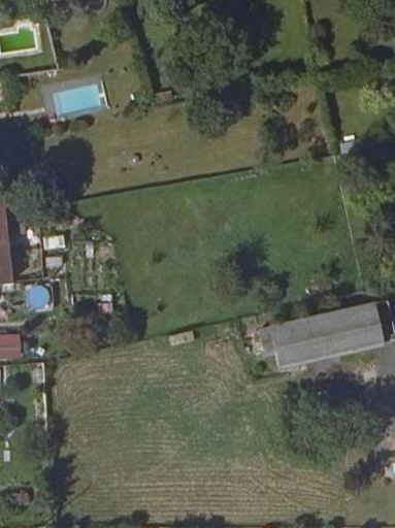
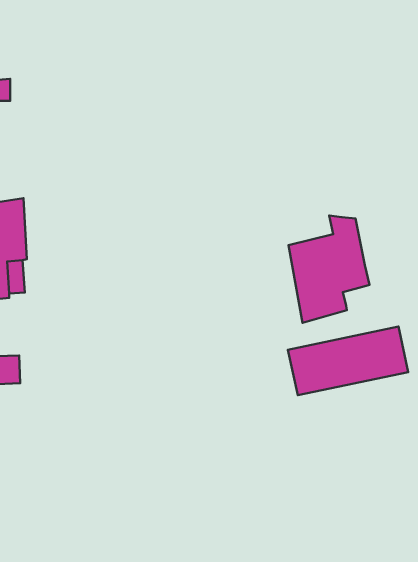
building: none -> [288,215,369,323]

